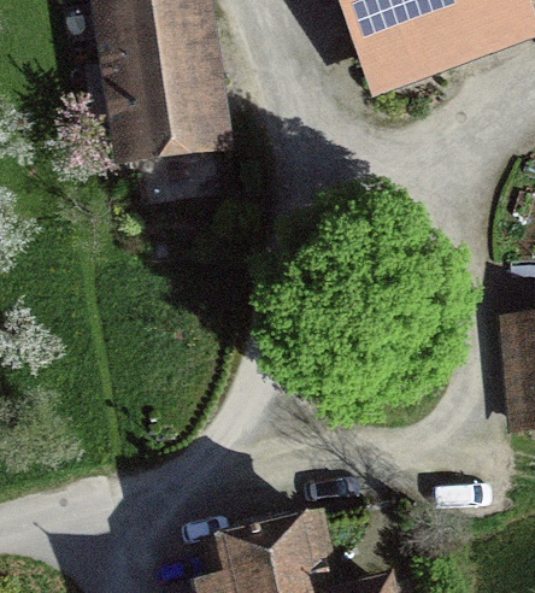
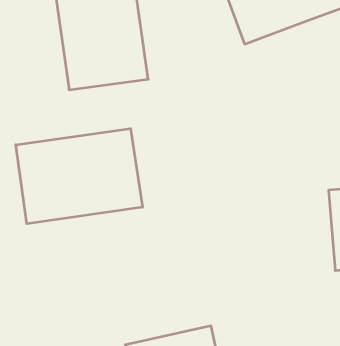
building: none -> [16,129,142,224]

